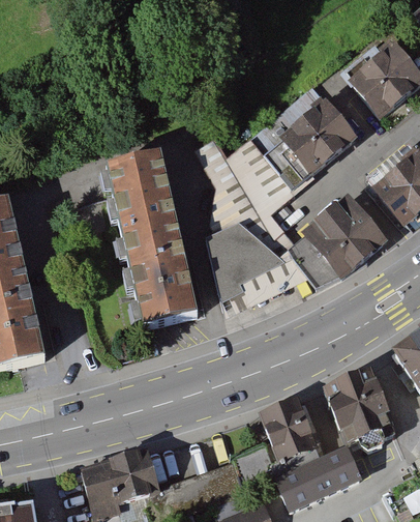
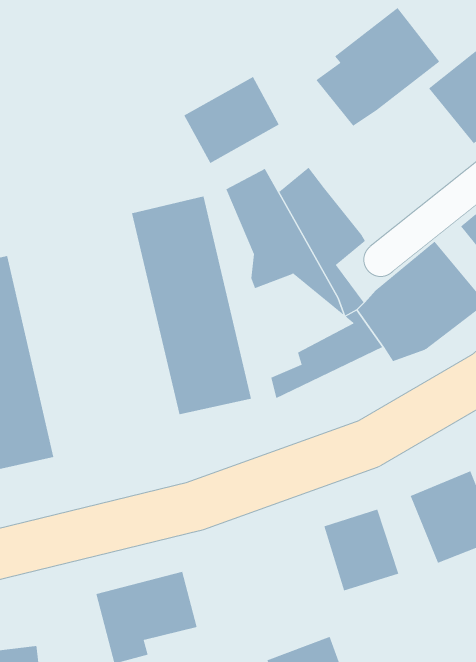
building: none -> [184,76,280,164]
building: [261,93,358,186] -> [316,7,440,127]
building: [203,218,282,298] -> none
building: [279,447,363,512] -> none

